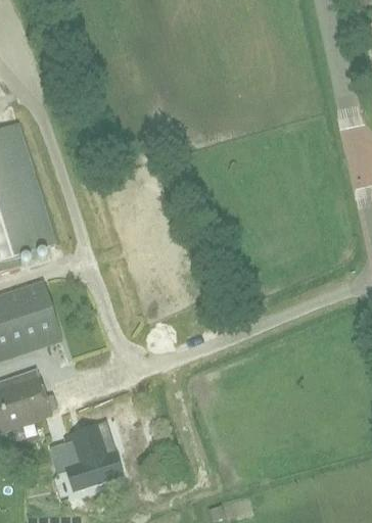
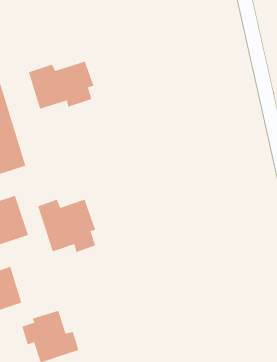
building: none -> [28,61,94,110]
building: none -> [37,199,96,253]

